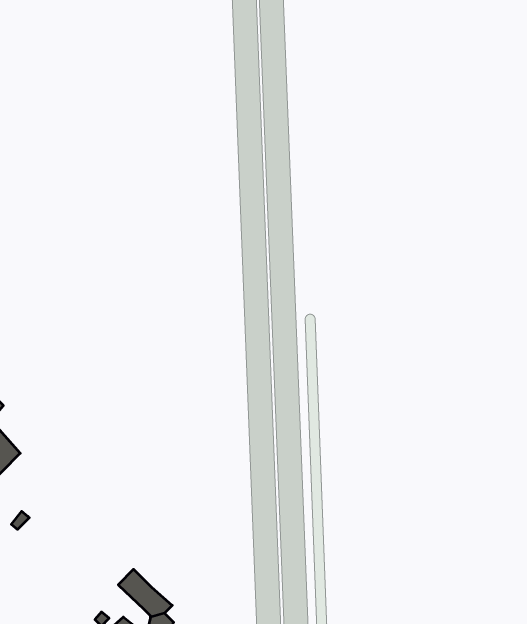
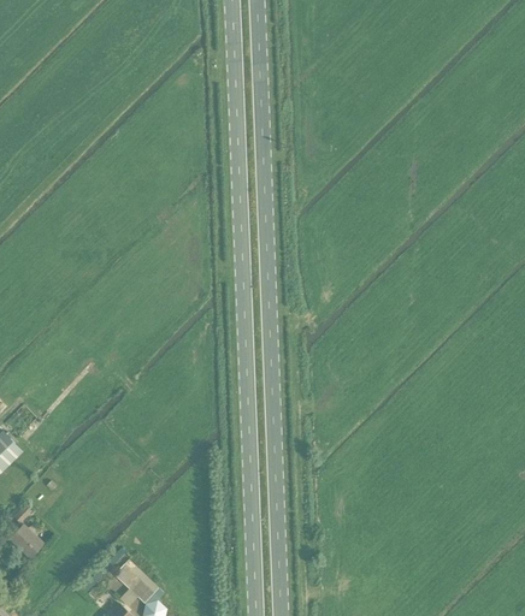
building: none -> [8,525,42,558]

